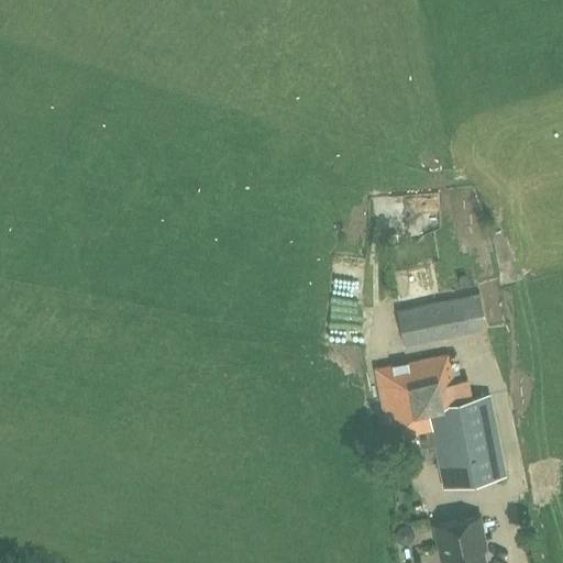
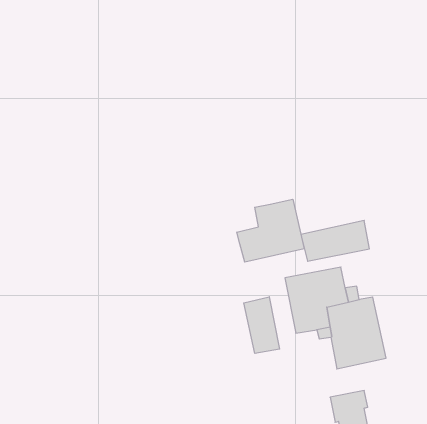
building: none -> [237,199,304,262]
building: none -> [244,297,280,353]

